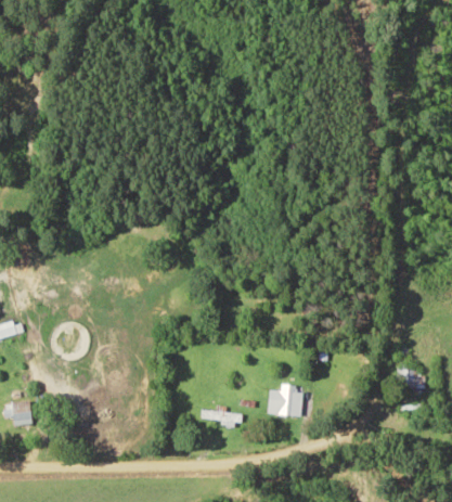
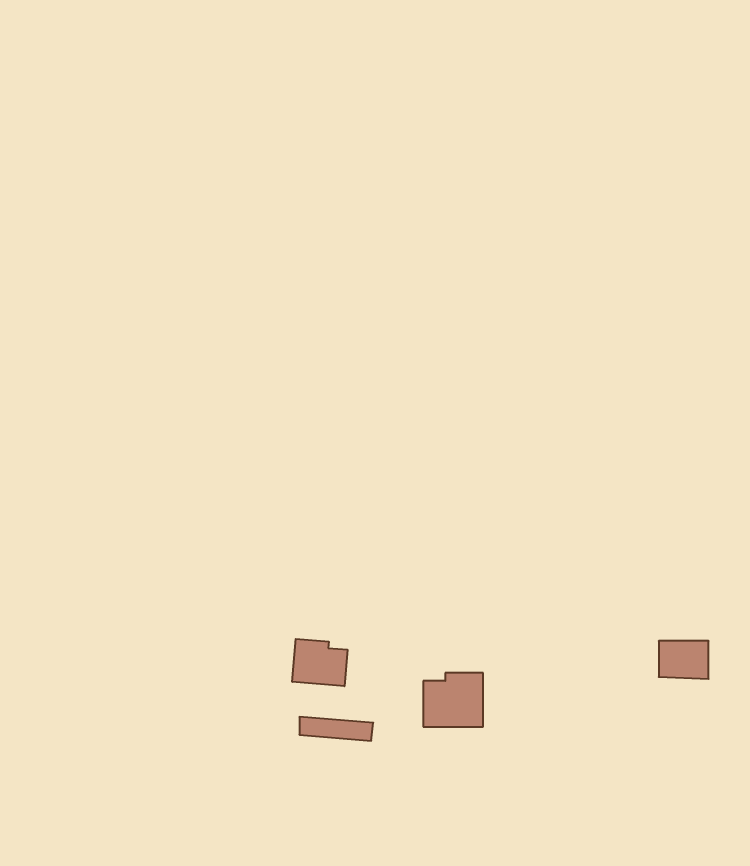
building: none -> [292,639,347,686]

